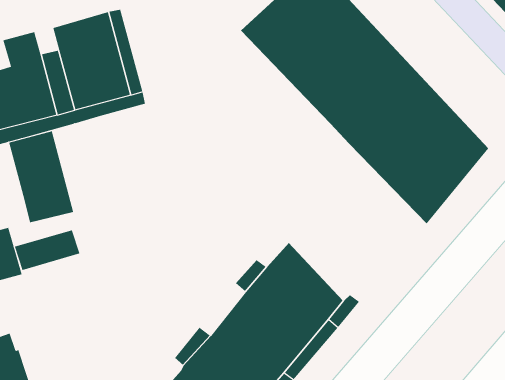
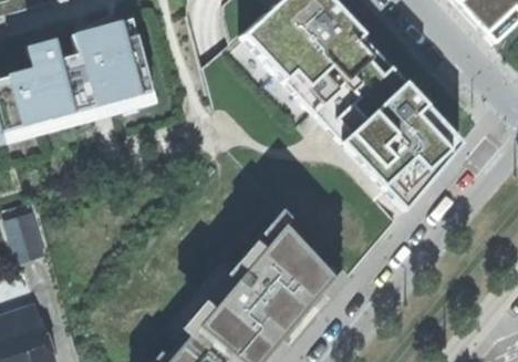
building: [9,130,74,223] -> none
building: [14,229,80,271] -> none

